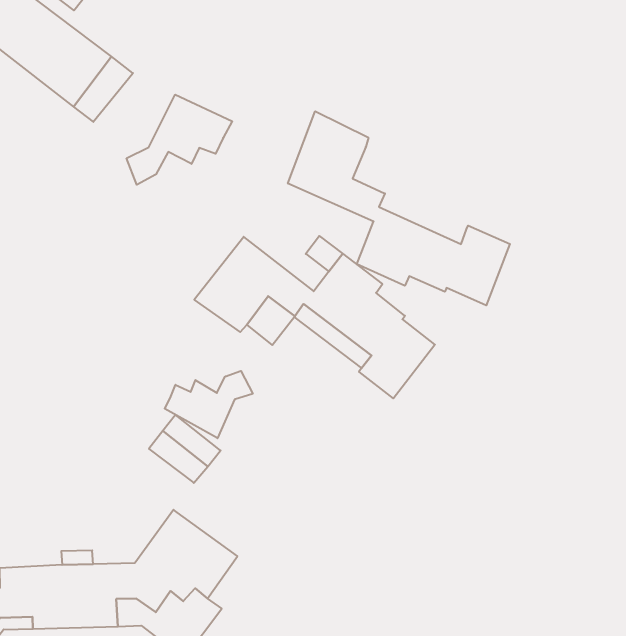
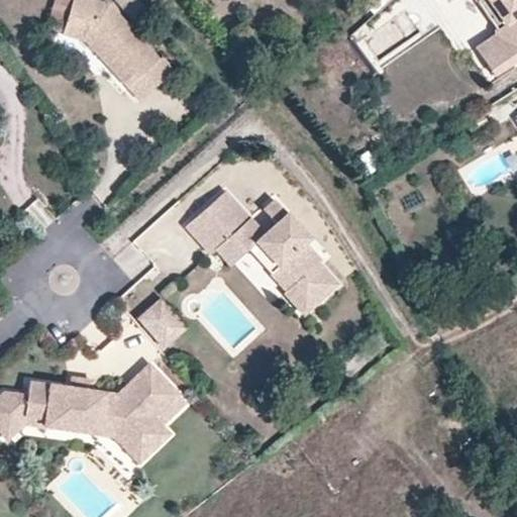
building: [127,95,232,185] -> none
building: [288,111,510,305] -> none
building: [165,371,253,438] -> none

